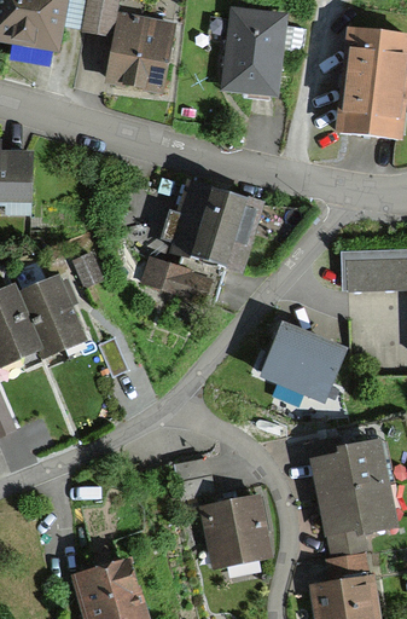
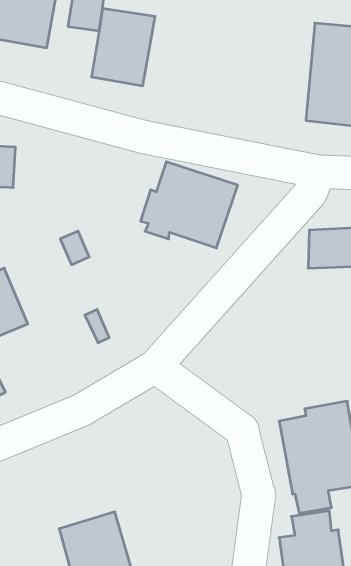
building: [222,7,287,96] -> none
building: [141,256,215,306] -> none
building: [24,285,82,360] -> none
building: [260,322,345,404] -> none
building: [199,494,272,567] -> none

